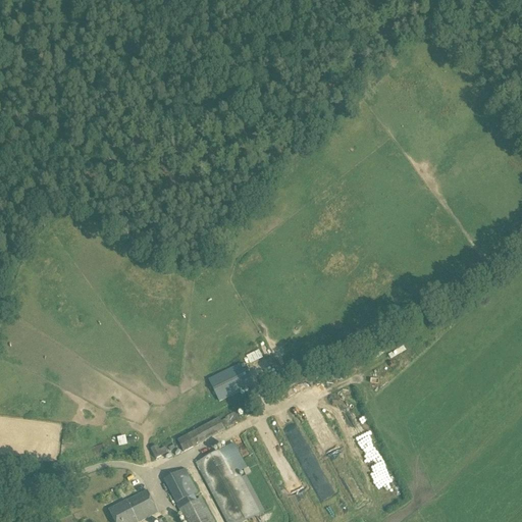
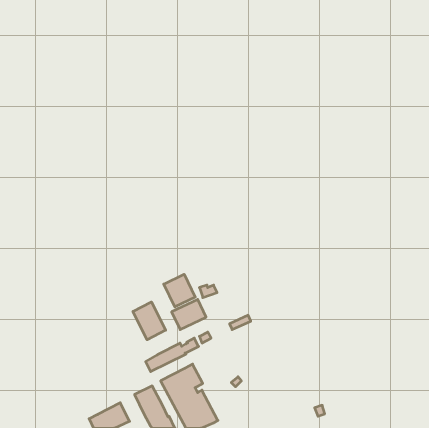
building: none -> [164,274,195,307]
building: none -> [133,302,166,340]

